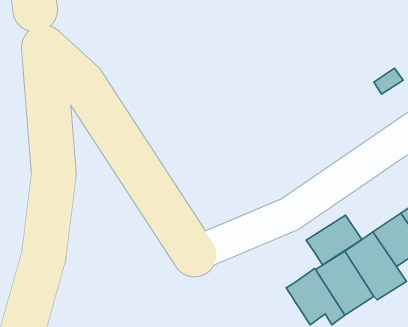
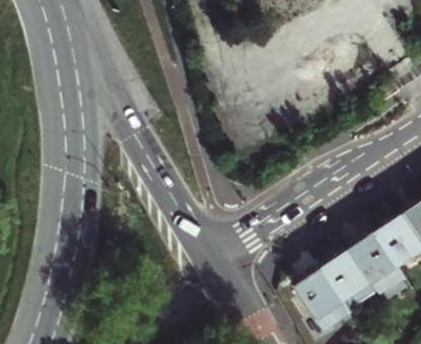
building: [306,215,362,265] -> none

